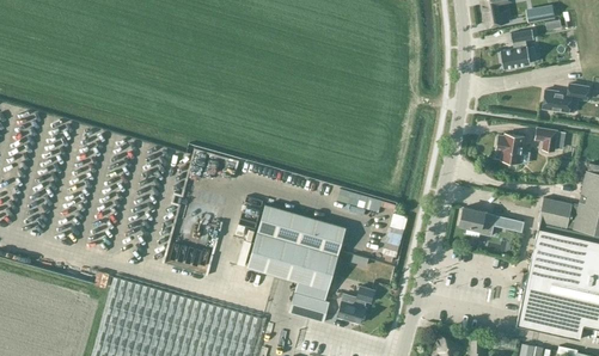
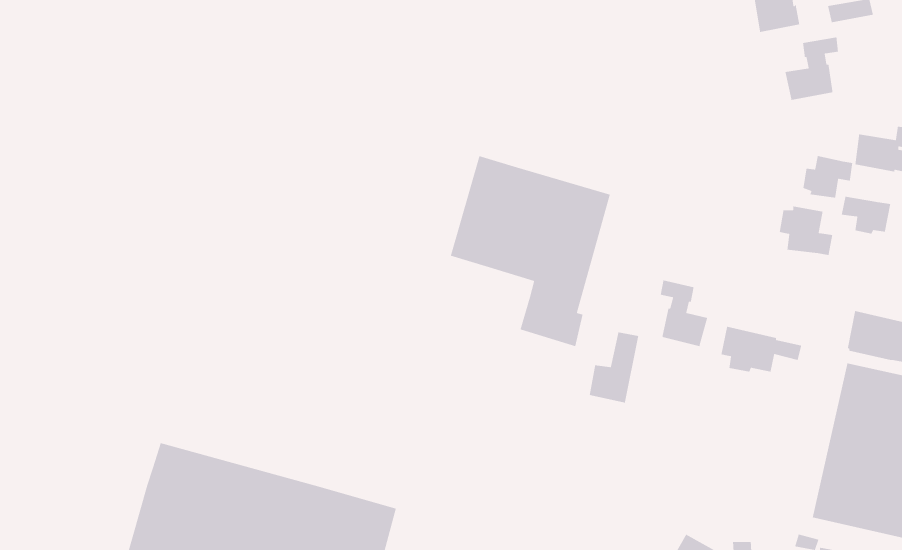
building: none -> [803,155,853,199]
building: none -> [660,279,708,347]
building: [247,204,347,323] -> [450,155,611,347]
building: [338,286,375,321] -> none

